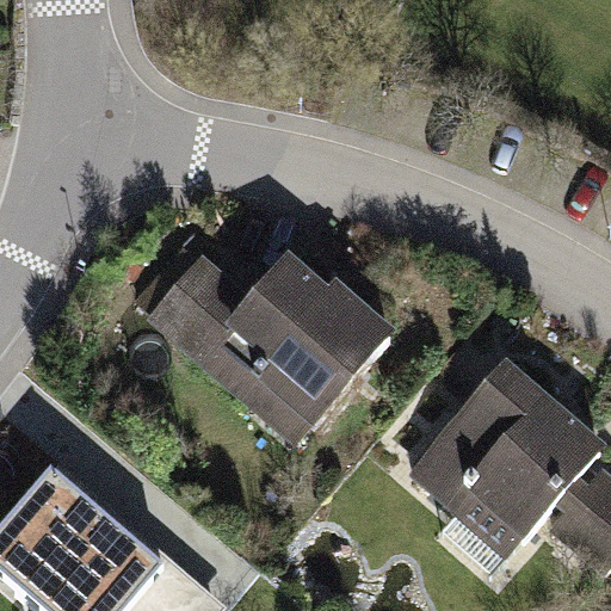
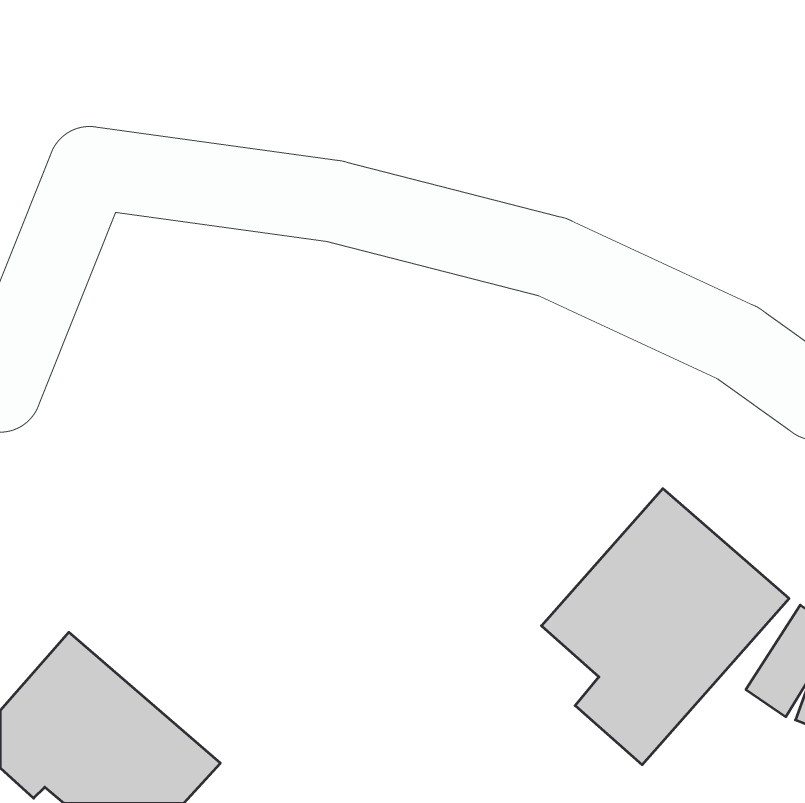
building: [156,263,389,422] -> none

